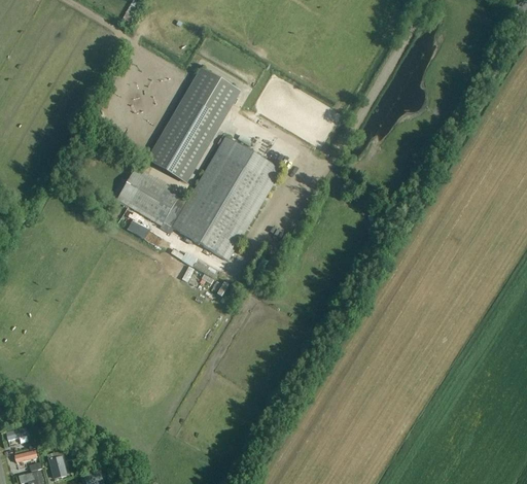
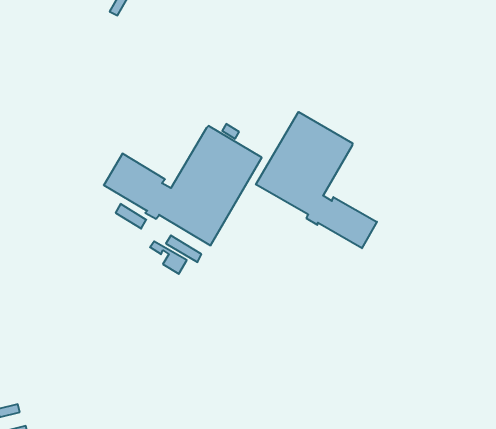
building: [148,67,241,180] -> none
building: none -> [256,112,377,248]

